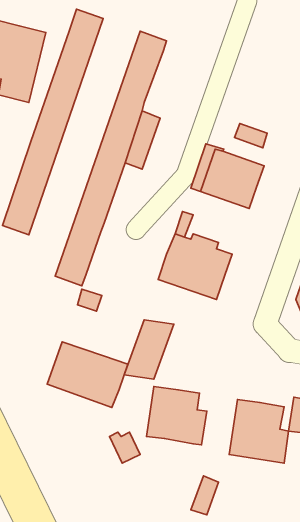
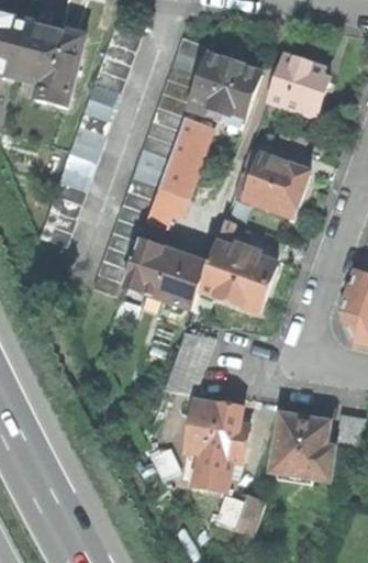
building: none -> [186,53,259,135]
building: none -> [267,54,330,121]
building: none -> [144,169,196,241]
building: [47,342,128,408] -> [125,241,209,309]
building: none -> [197,455,236,493]

